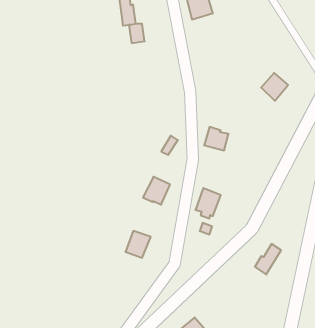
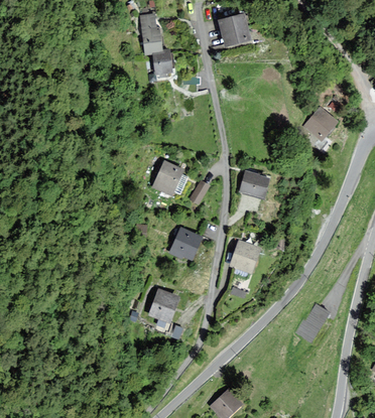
building: none -> [153,161,188,195]

